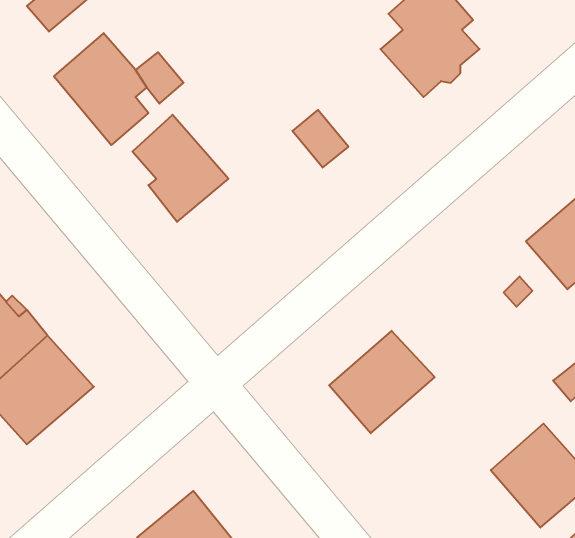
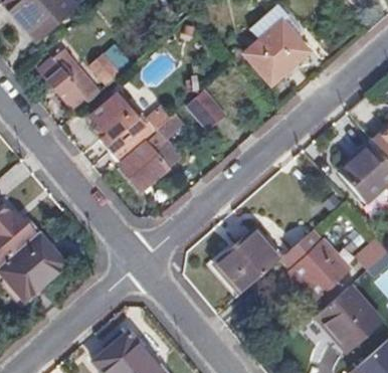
building: none -> [118,109,185,190]
building: none -> [279,234,345,302]

